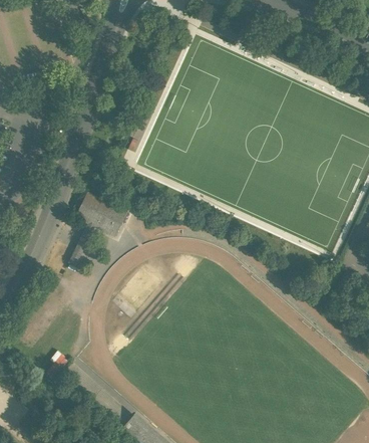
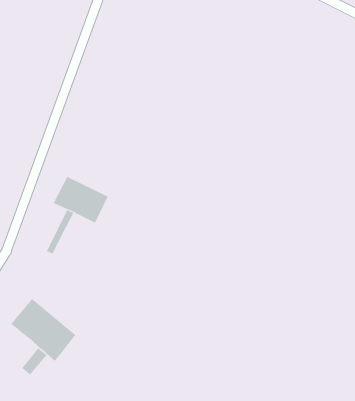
building: none -> [11,298,76,362]

